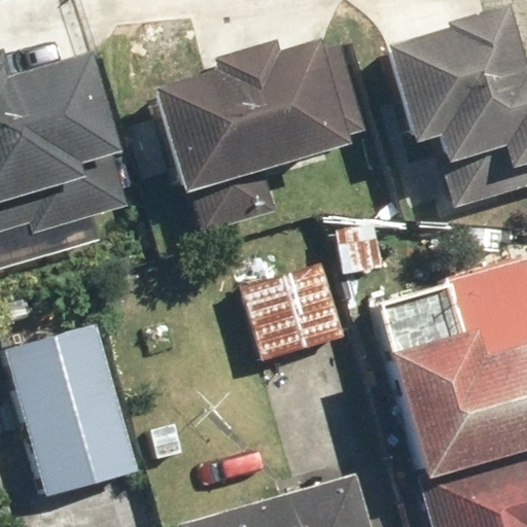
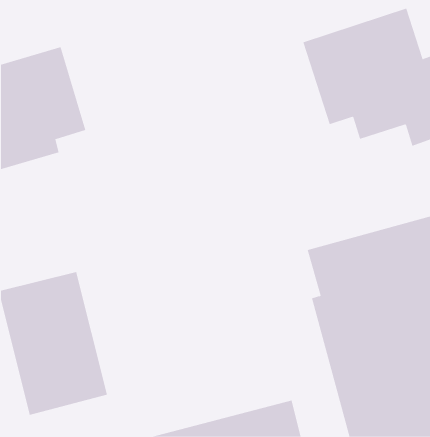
building: [150,42,346,192] -> none
building: [245,266,348,360] -> none

